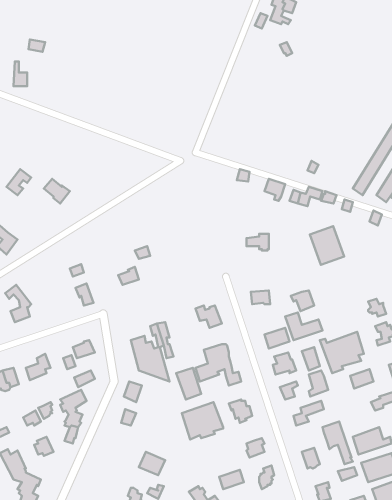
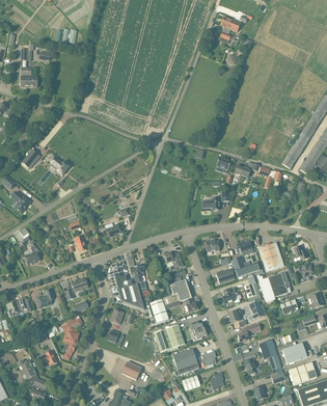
building: [310,226,344,265] -> [258,242,284,271]
building: none -> [172,348,199,375]

